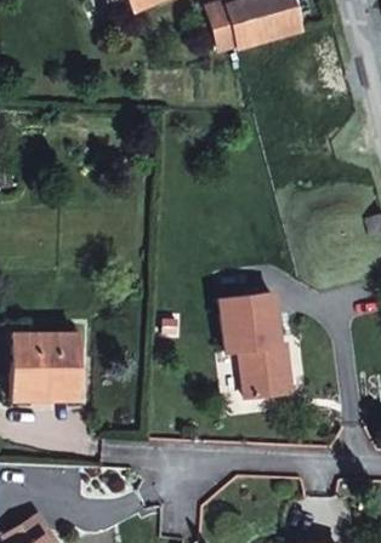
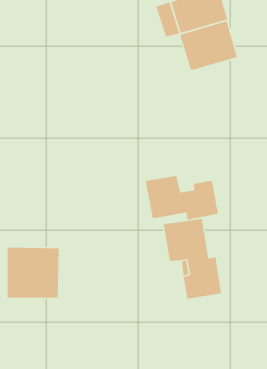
building: none -> [179,20,238,71]
building: none -> [145,175,219,220]

